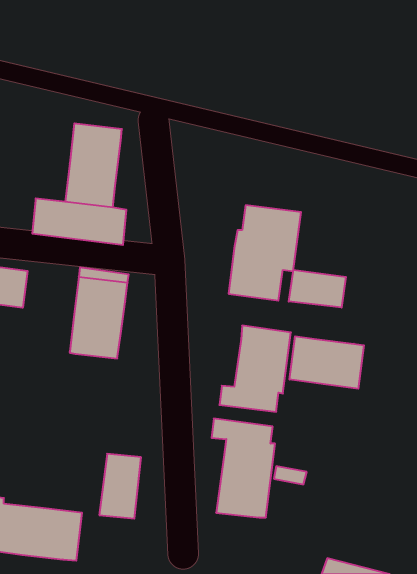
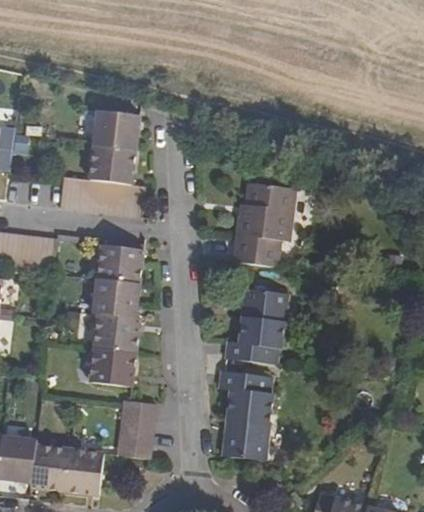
building: [289,270,346,308] -> none
building: [290,336,364,389] -> none
building: none -> [88,312,139,385]

